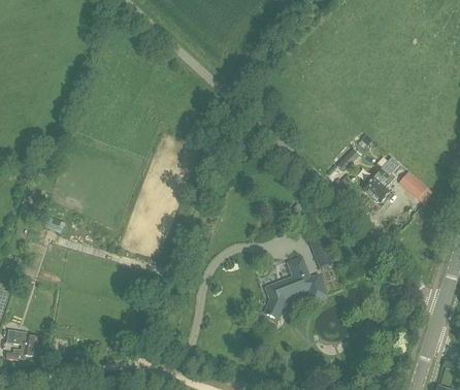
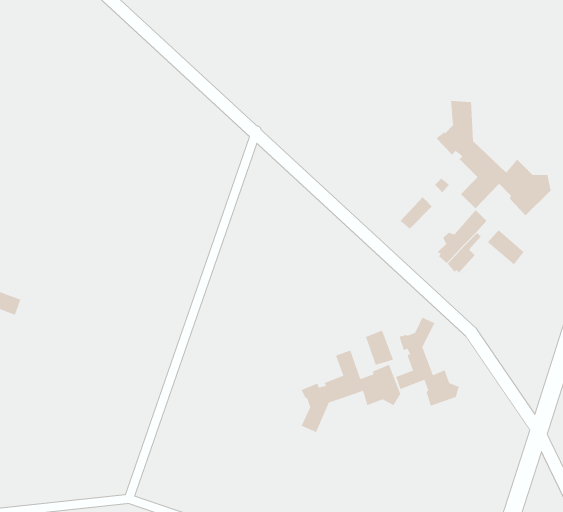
building: none -> [436,100,551,216]
building: none -> [395,317,460,406]

